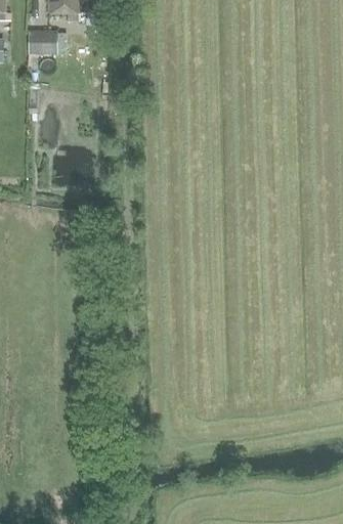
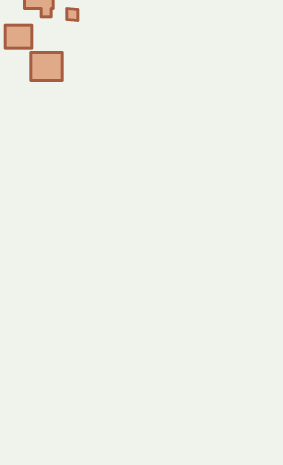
building: none -> [31,52,62,80]

